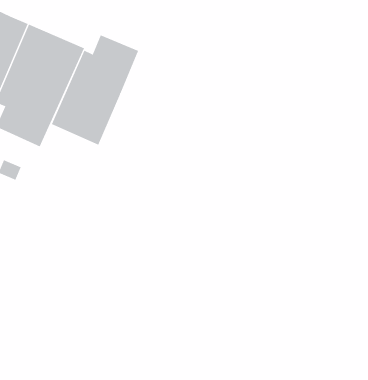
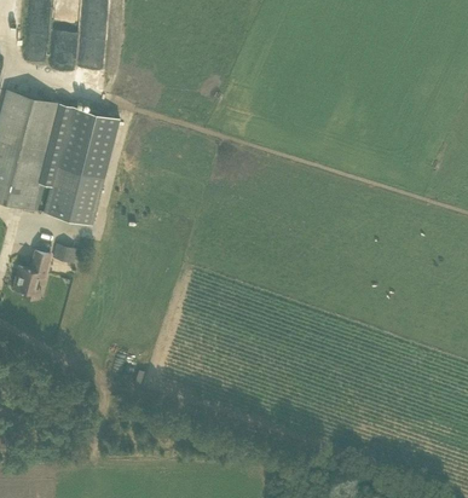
building: [51,34,139,145] -> none

